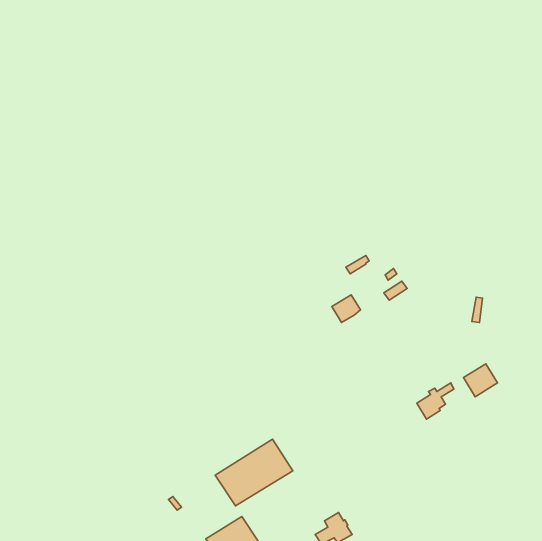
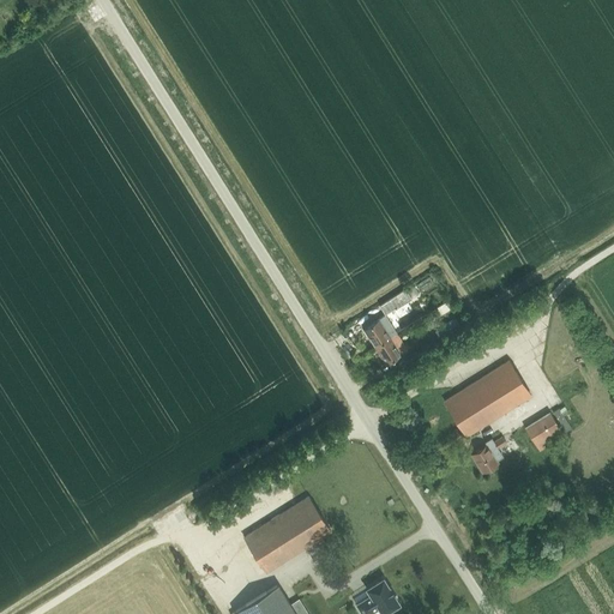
building: none -> [365,317,397,348]
building: none -> [445,362,531,438]

